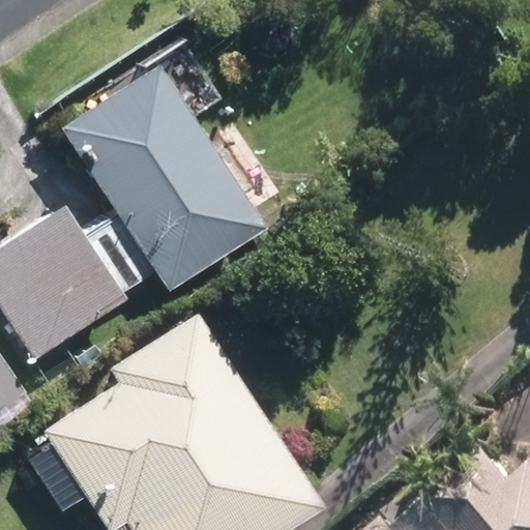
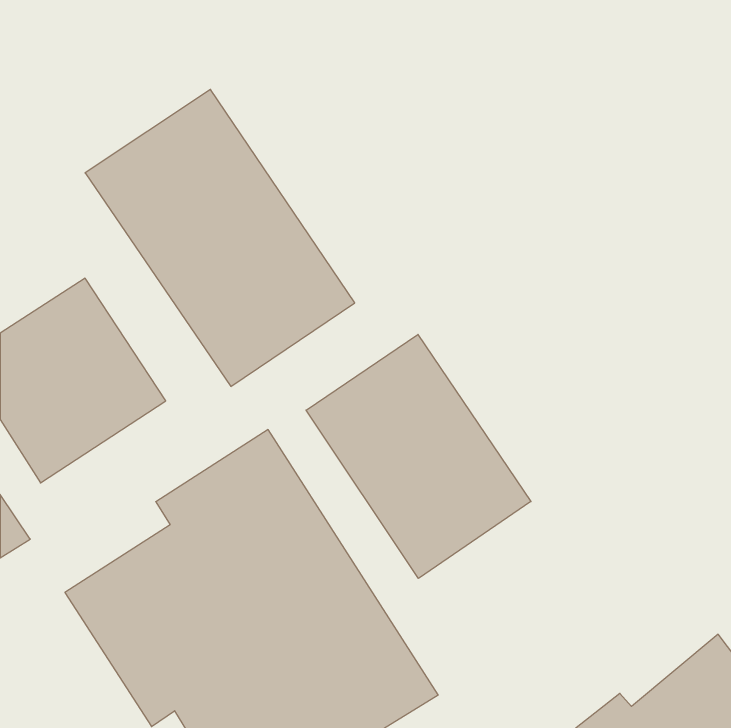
building: none -> [306,334,531,578]

